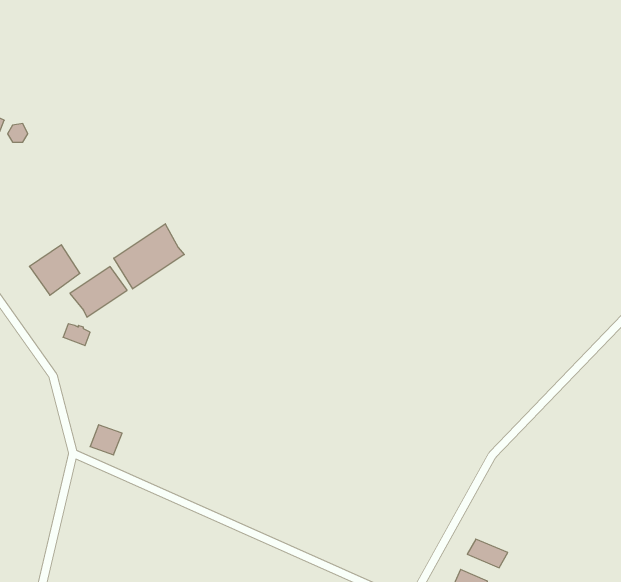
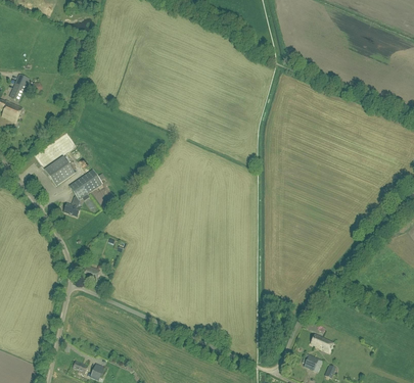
building: [114,224,184,289] -> none

